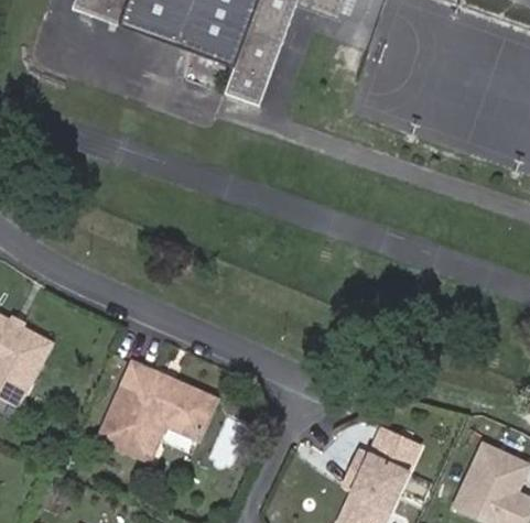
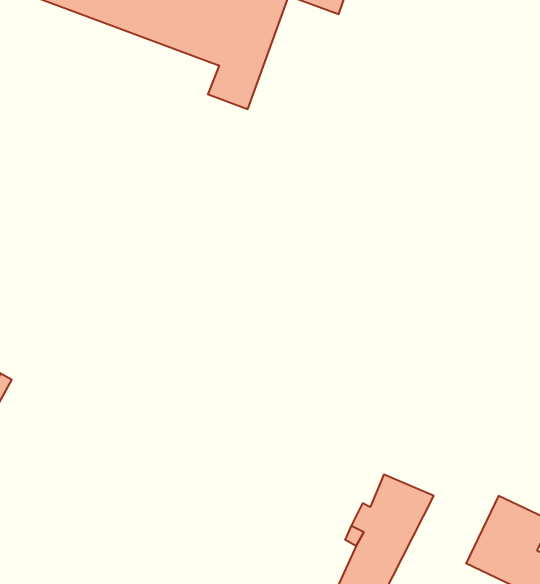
building: [94,362,210,462] -> none

